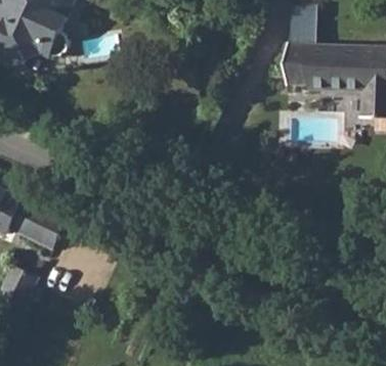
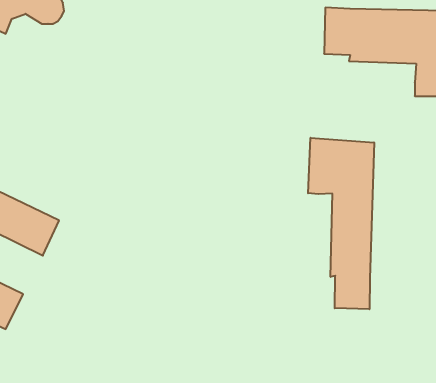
building: none -> [308,138,374,309]

